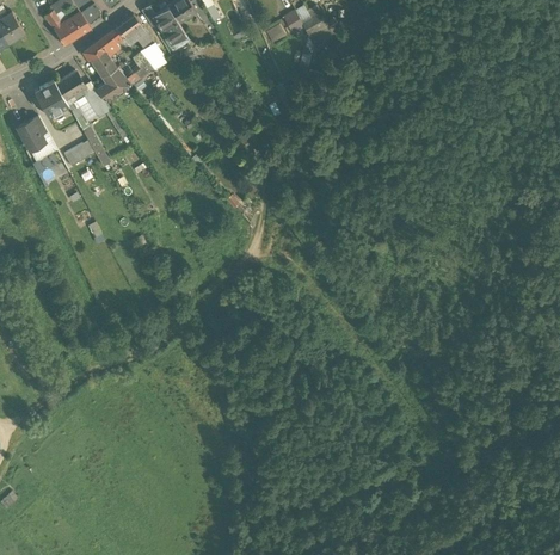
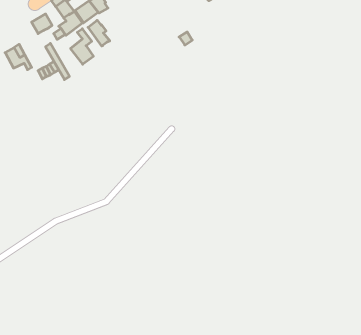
building: none -> [88,20,110,46]
building: [33,80,68,117] -> none
building: none -> [71,29,93,64]

